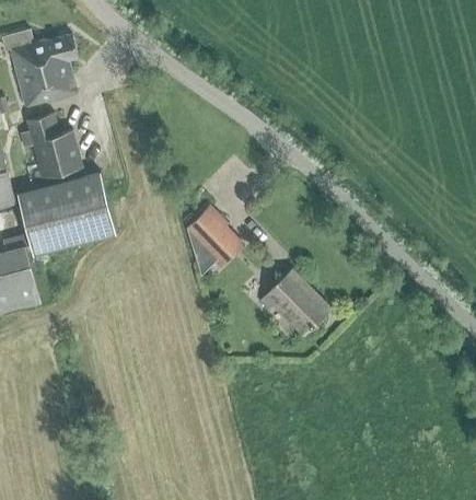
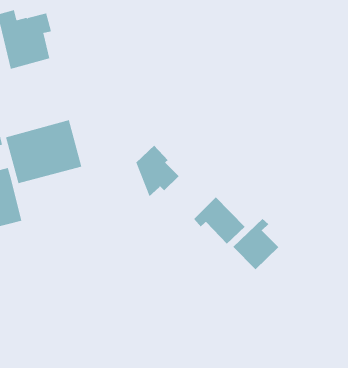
building: [25,113,82,178] -> none
building: none -> [233,218,279,270]

